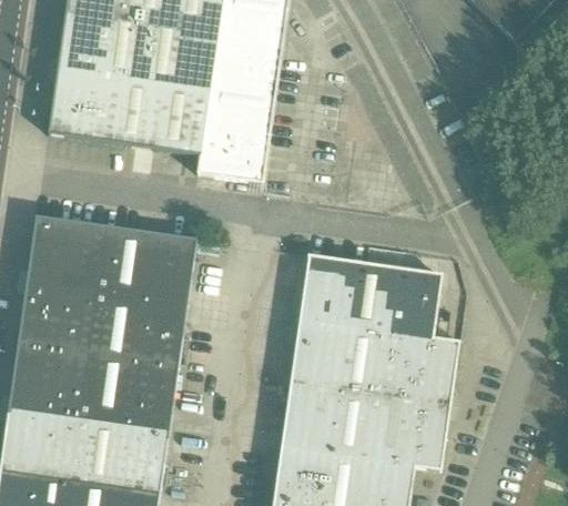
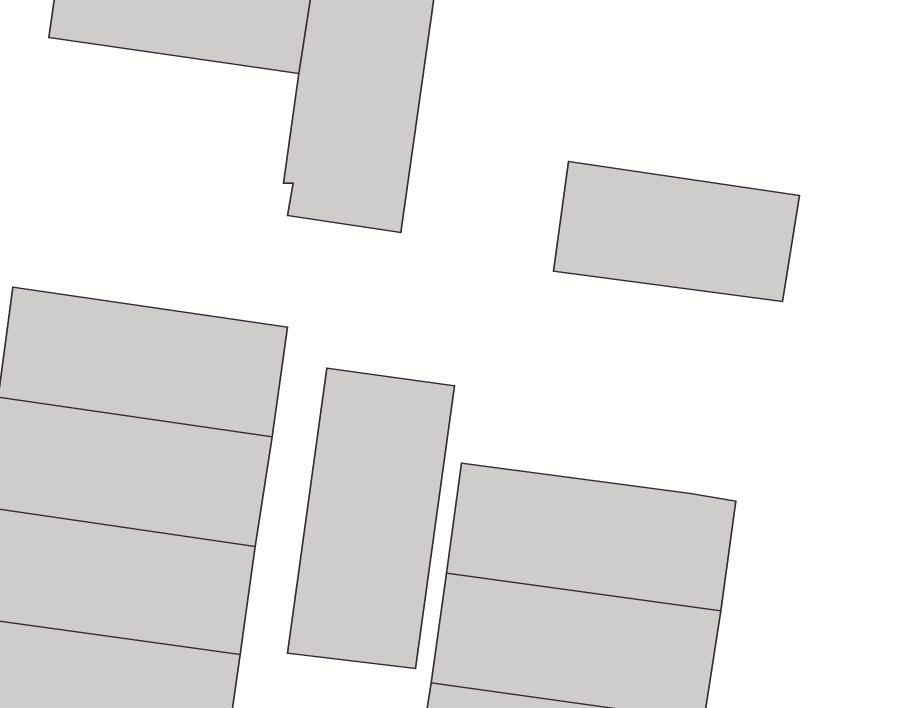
building: [47,69,202,154] -> none
building: [297,254,442,336] -> [553,161,799,301]
building: none -> [287,368,454,669]

